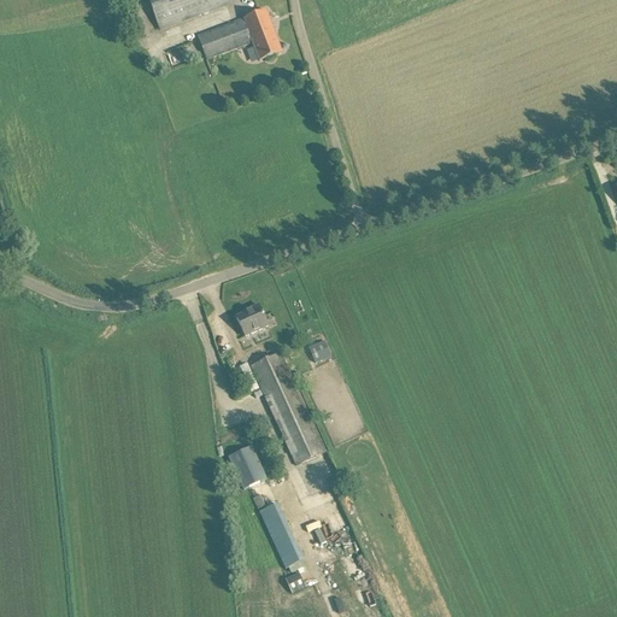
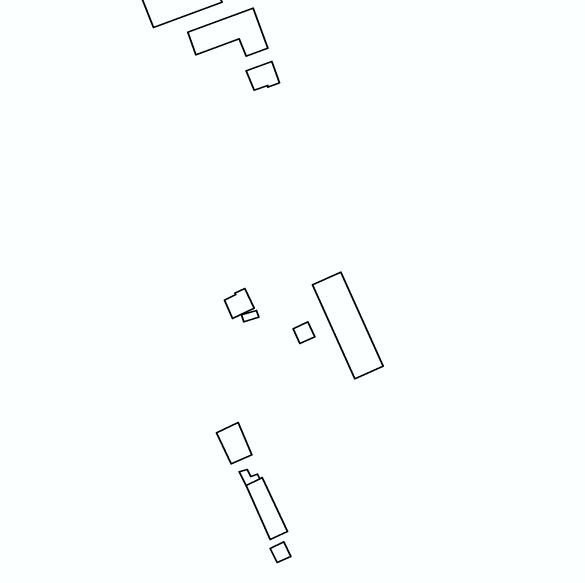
building: none -> [246,61,280,90]
building: [251,352,325,464] -> [312,272,383,379]

